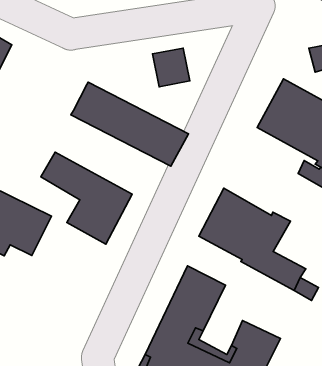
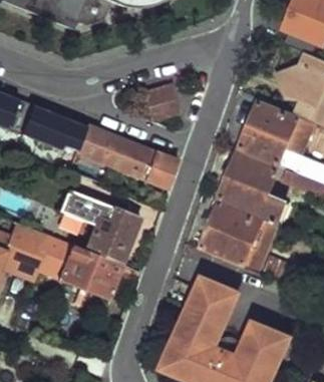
building: none -> [20,104,87,150]
building: none -> [220,155,287,226]
building: none -> [56,245,138,301]

